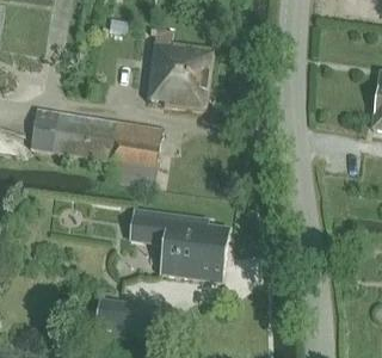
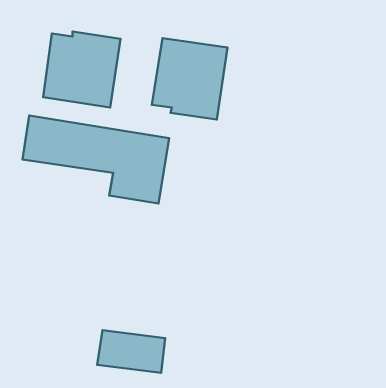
building: none -> [43,31,120,107]
building: [130,208,228,280] -> none

